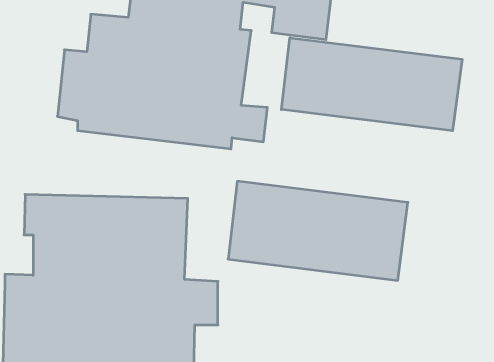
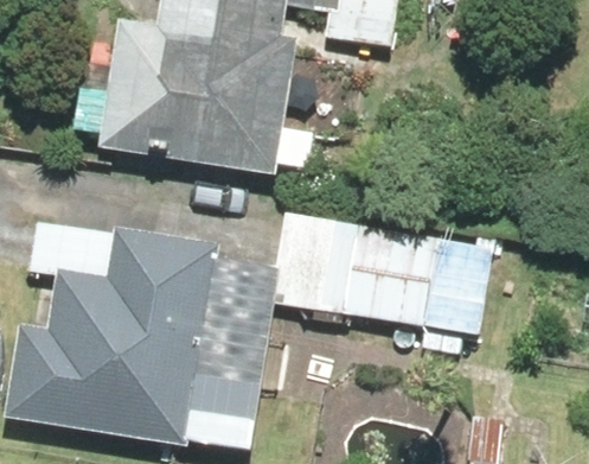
building: [281,38,462,131] -> none

